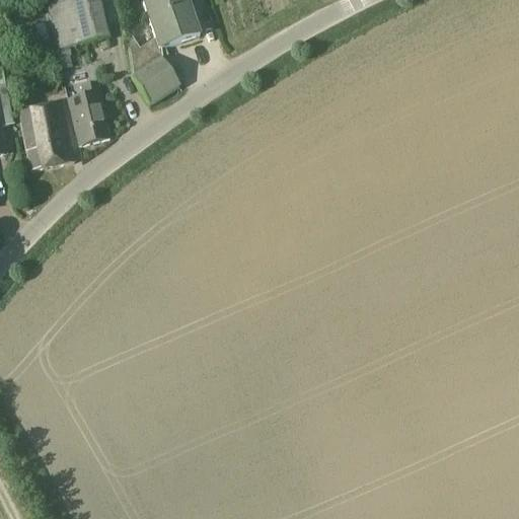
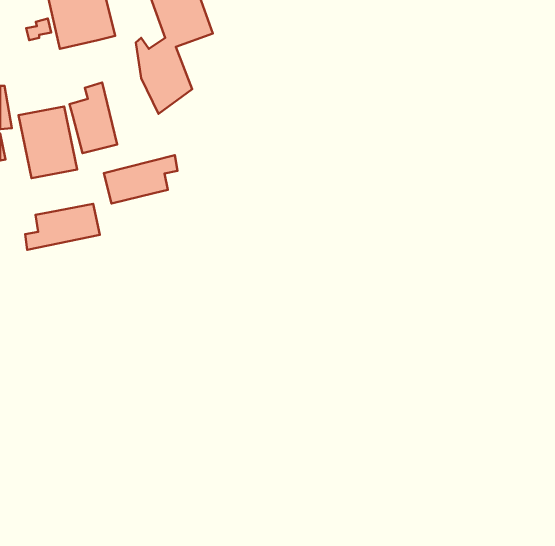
building: none -> [104,155,177,203]
building: none -> [25,204,100,250]

